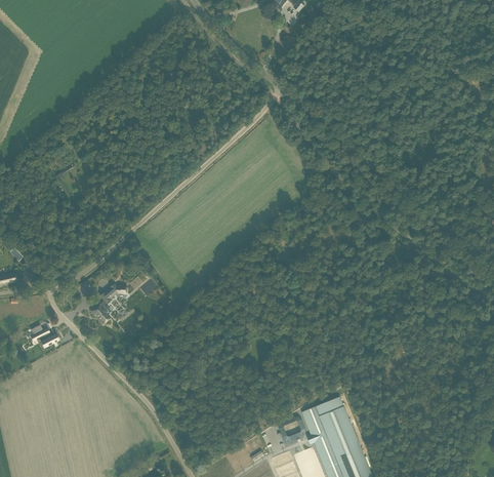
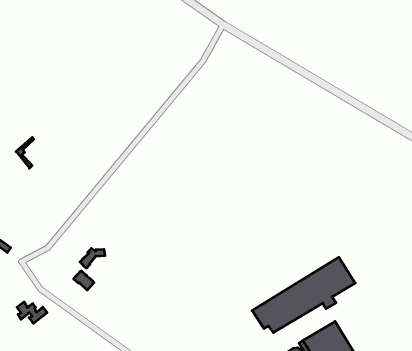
building: none -> [252,257,355,333]

